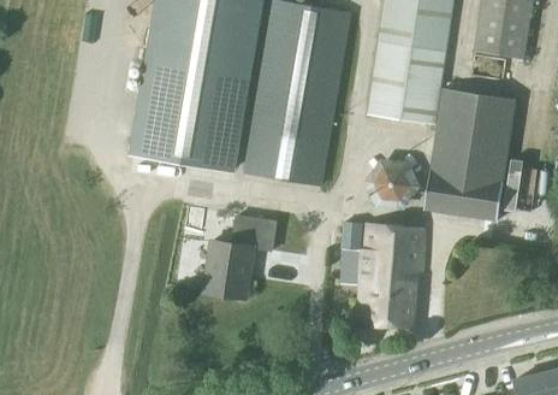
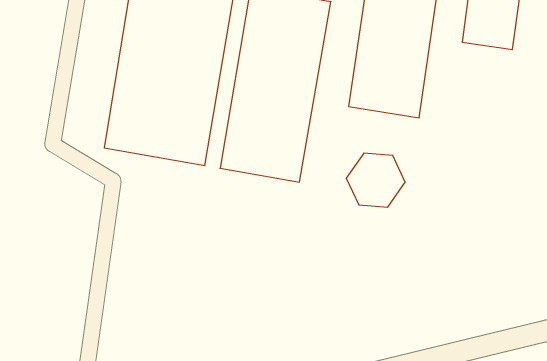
building: [423,88,516,220] -> none
building: [197,216,275,299] -> none
building: [340,224,423,328] -> none

